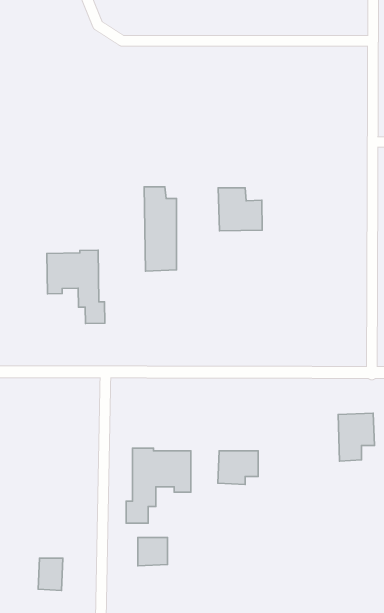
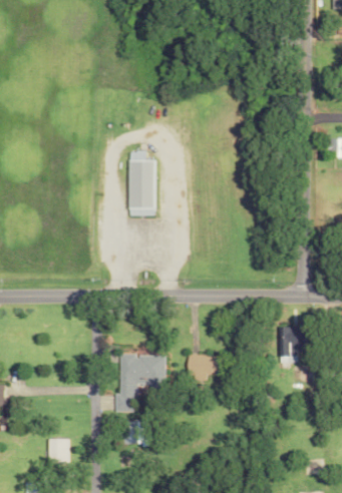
building: [218,188,262,231] -> none
building: [47,250,105,323] -> none

